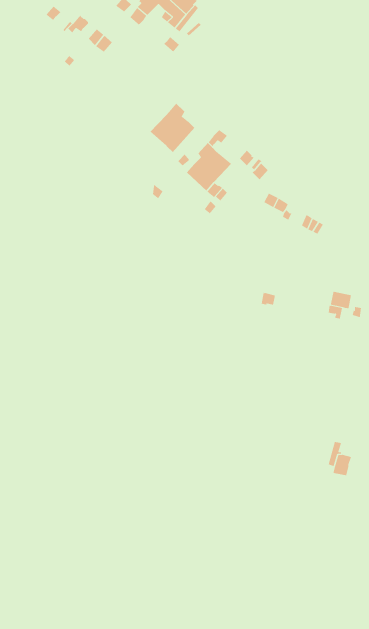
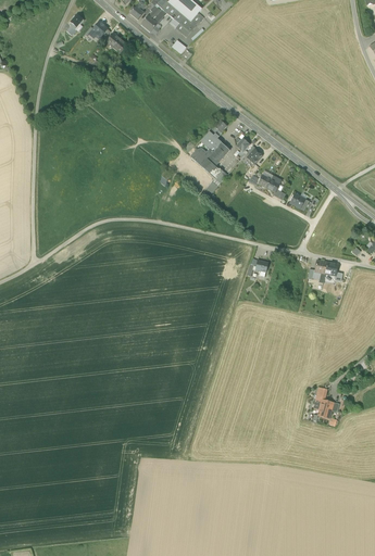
building: [150,103,195,153] -> none

